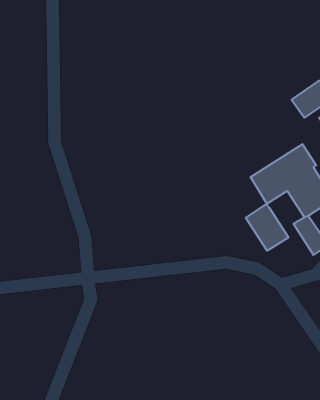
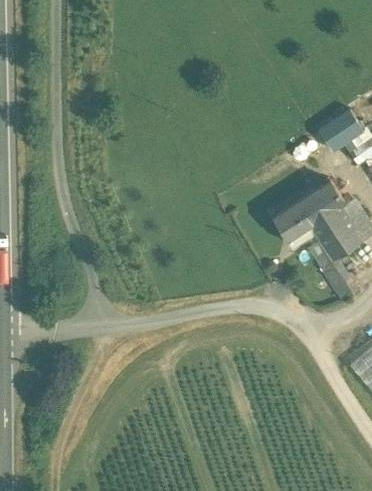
building: [246,204,288,251] -> none

